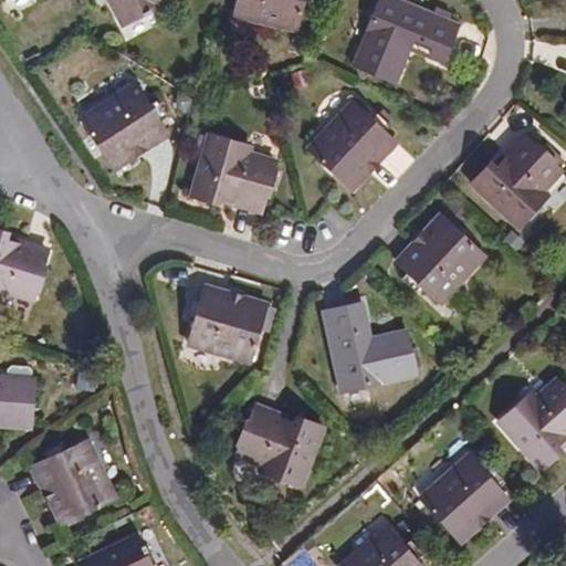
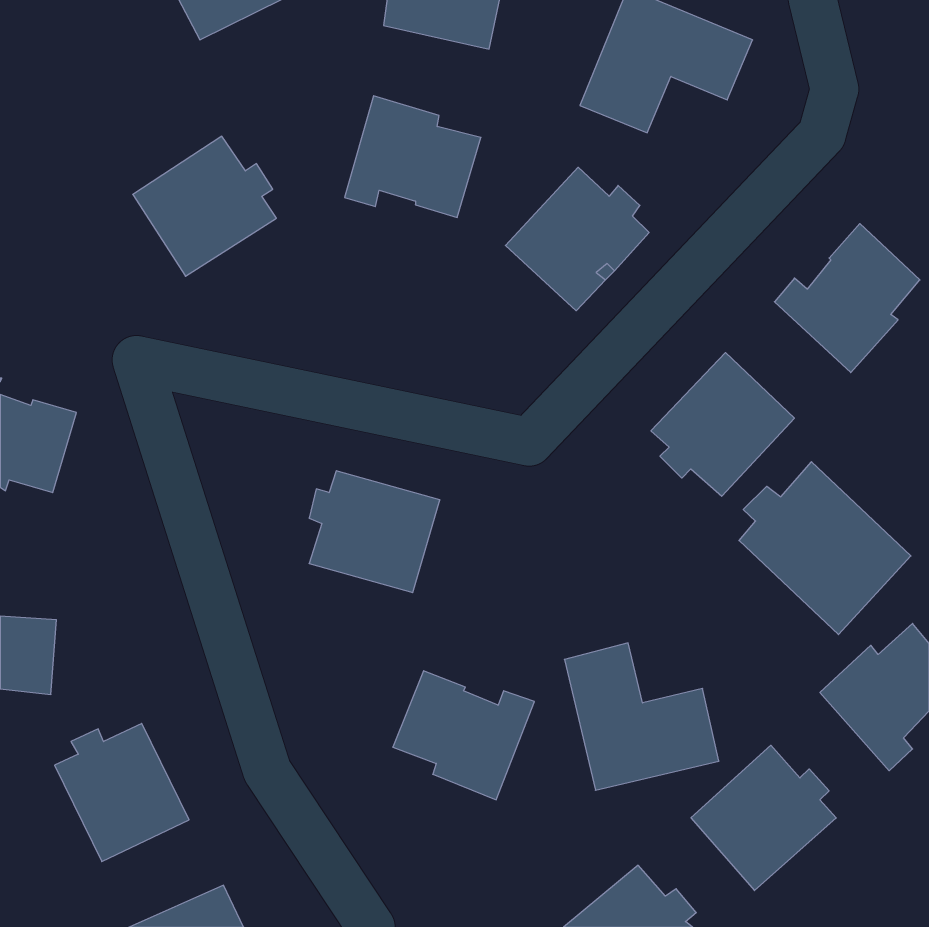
building: [192,136,275,210] -> [345,96,481,217]
building: none -> [739,462,911,635]
building: [323,302,417,391] -> [564,643,719,790]

